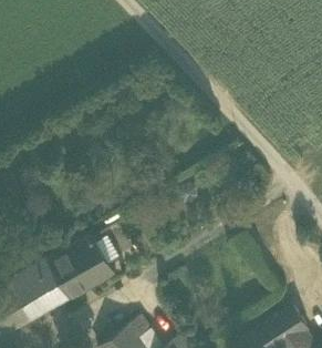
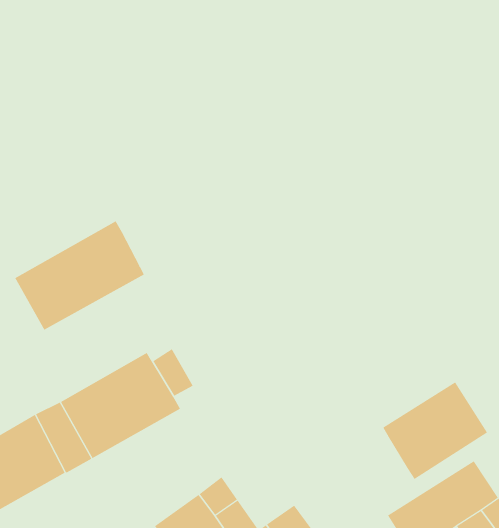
building: none -> [15,220,144,331]
building: none -> [382,382,488,480]

